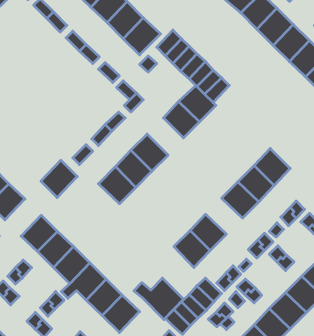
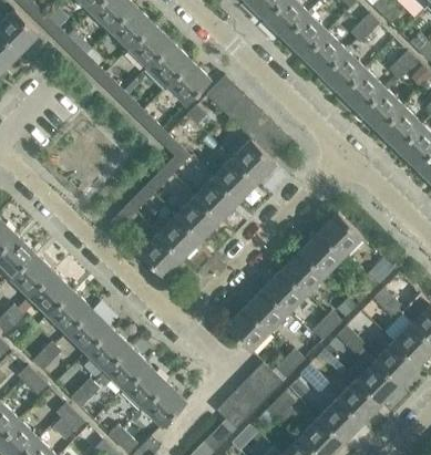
building: none -> [195,178,237,221]
building: [41,160,77,198] -> [30,272,72,316]
building: none -> [263,271,306,313]
building: [134,278,183,320] -> none

